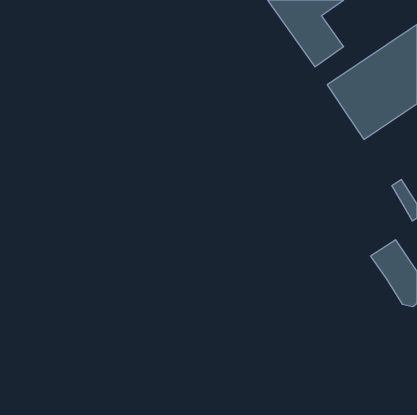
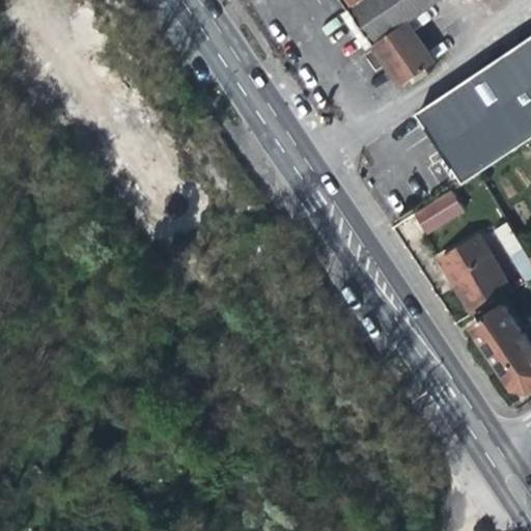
building: none -> [412,192,465,237]
building: none -> [439,235,510,315]

